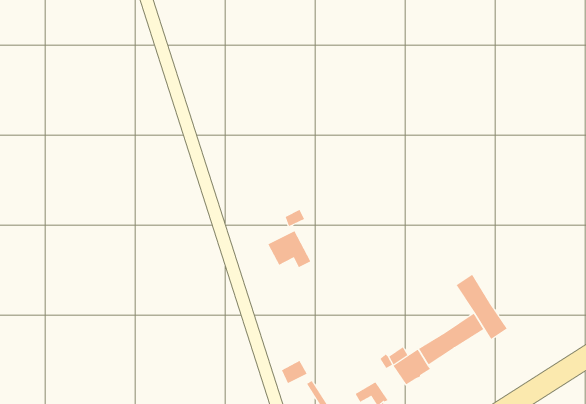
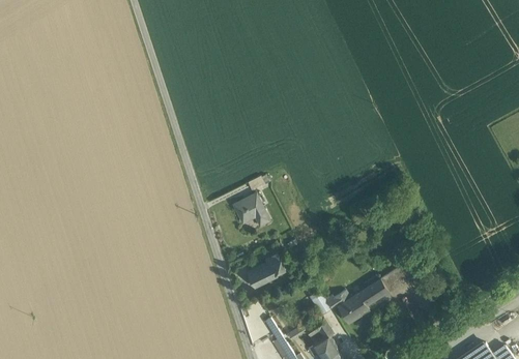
building: [456,274,507,340] -> none
building: none -> [247,256,285,290]

